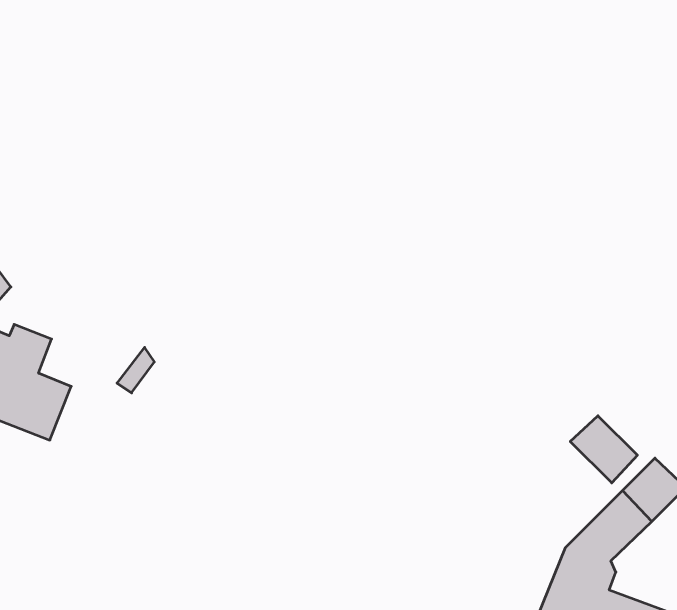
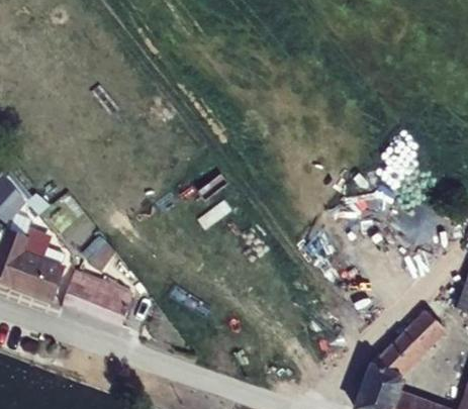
building: none -> [63,272,134,325]
building: [570,416,637,483] -> none

